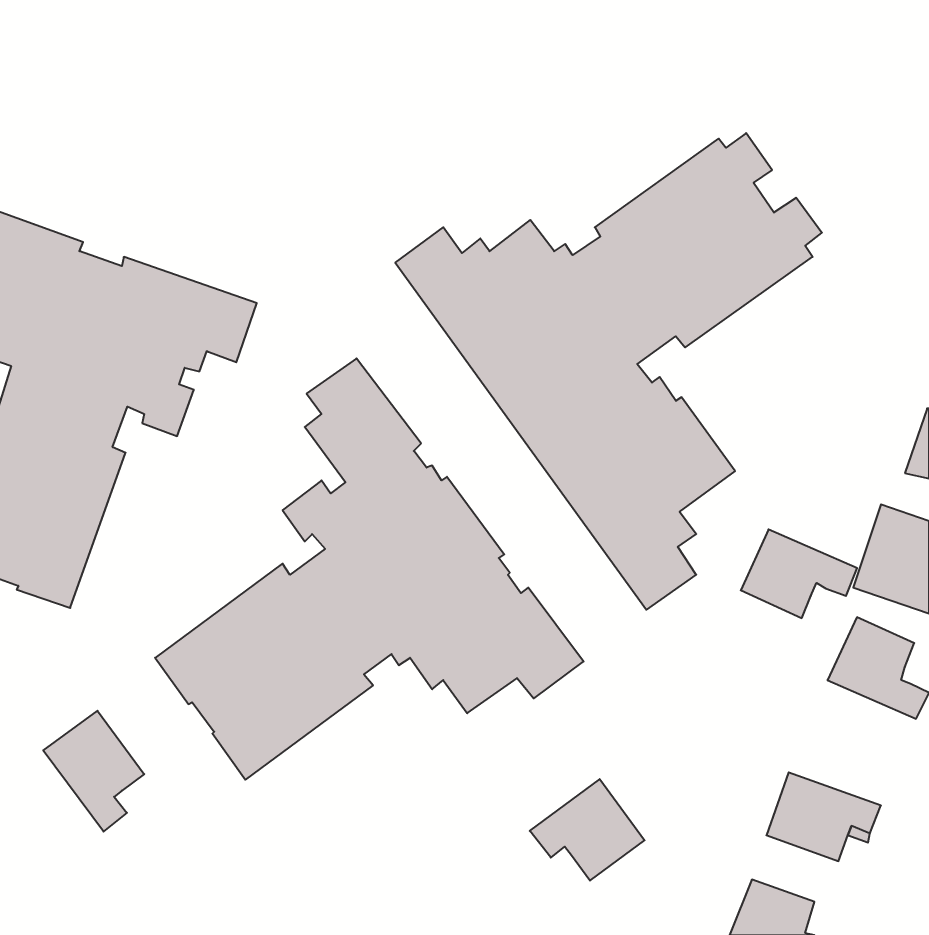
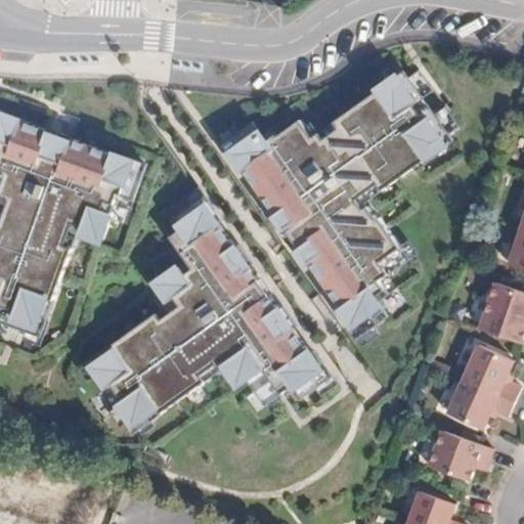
building: [741,529,857,618] -> [443,377,508,426]
building: [43,711,144,832] -> none
building: [530,779,645,881] -> none

